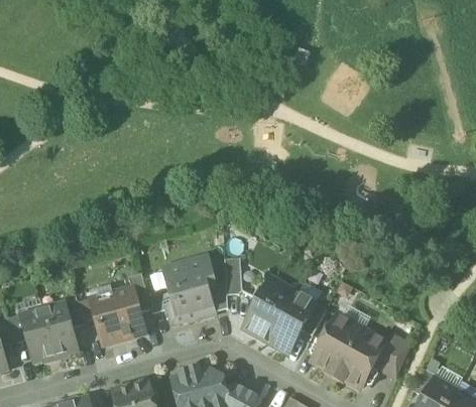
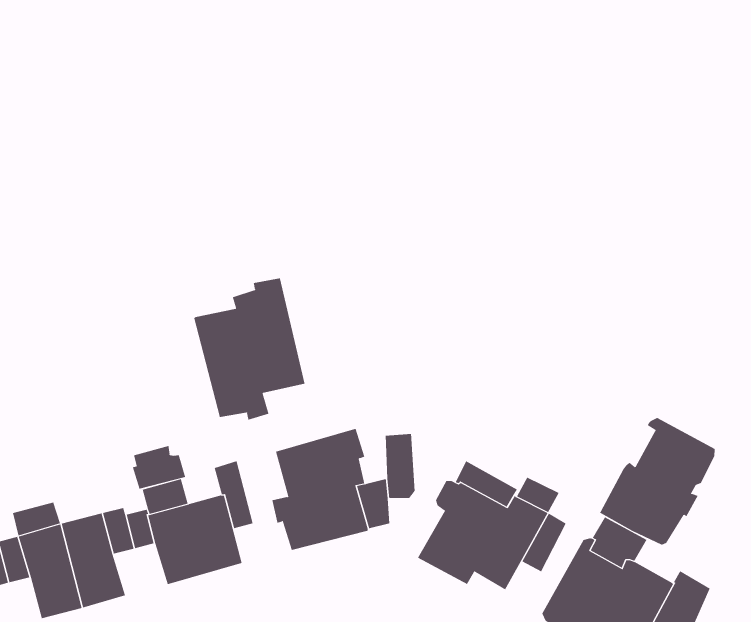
building: none -> [194,278,305,420]
building: none -> [599,417,715,546]
building: none -> [132,445,186,490]

